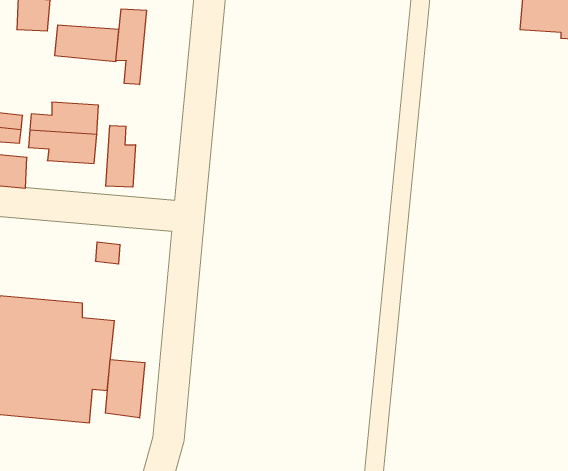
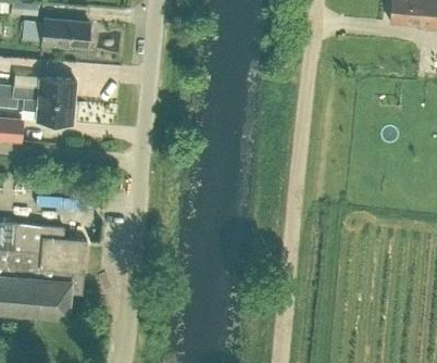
building: [116,9,147,85] -> none
building: [106,125,136,187] -> none
building: [105,359,145,418] -> none

